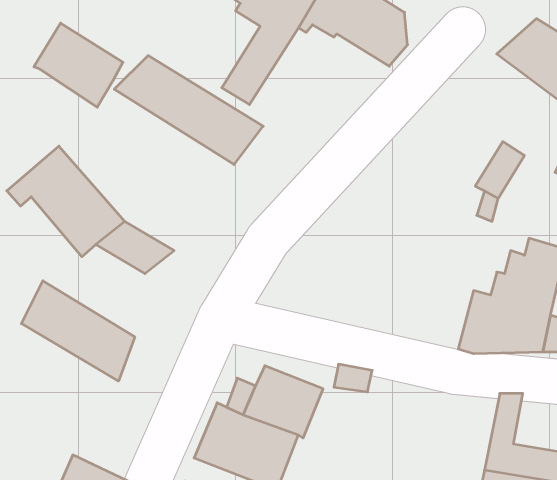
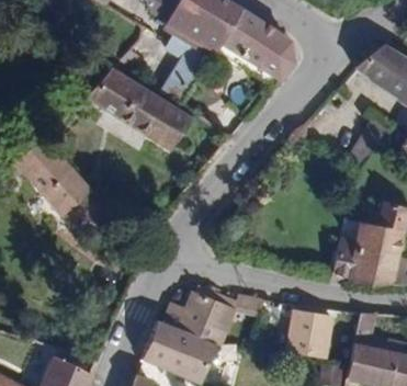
building: [34,23,123,107] -> none
building: [21,281,135,381] -> none
building: none -> [287,311,332,357]

